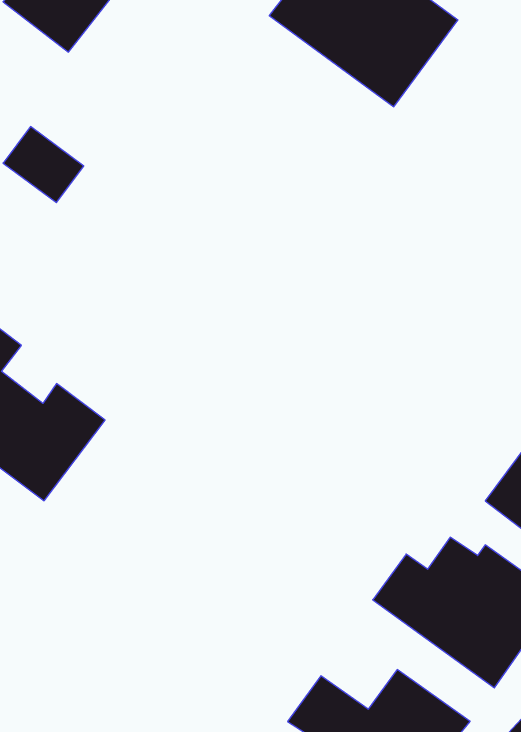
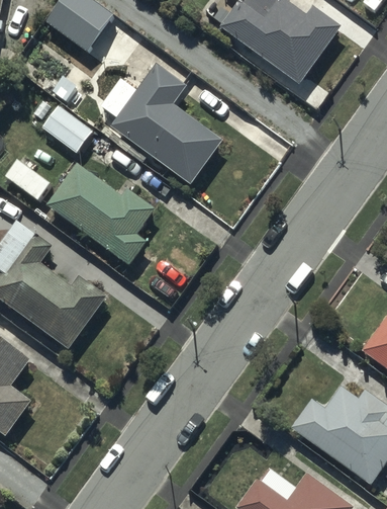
building: none -> [102,65,225,187]
building: none -> [45,164,156,268]

